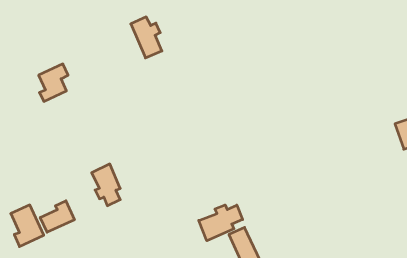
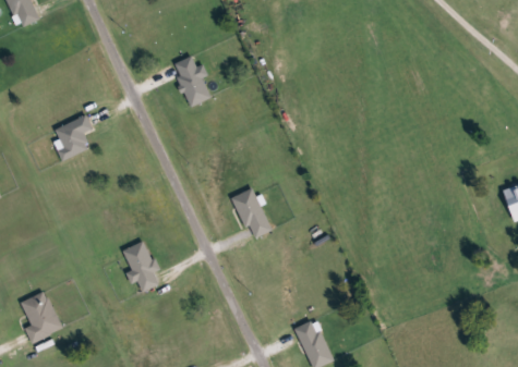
building: none -> [231,187,270,240]
building: [40,201,74,232] -> none
building: [199,205,243,241] -> none

